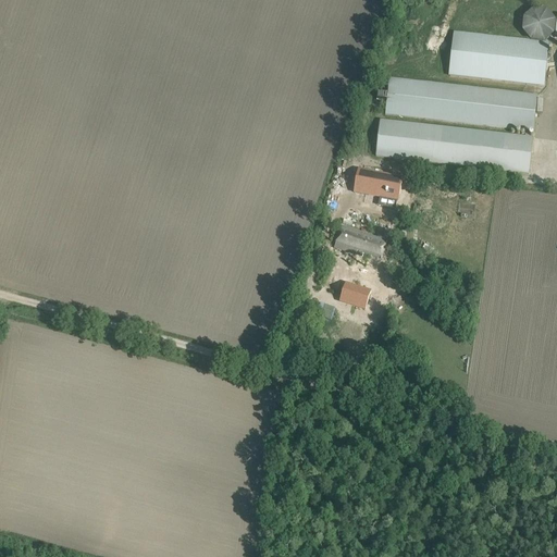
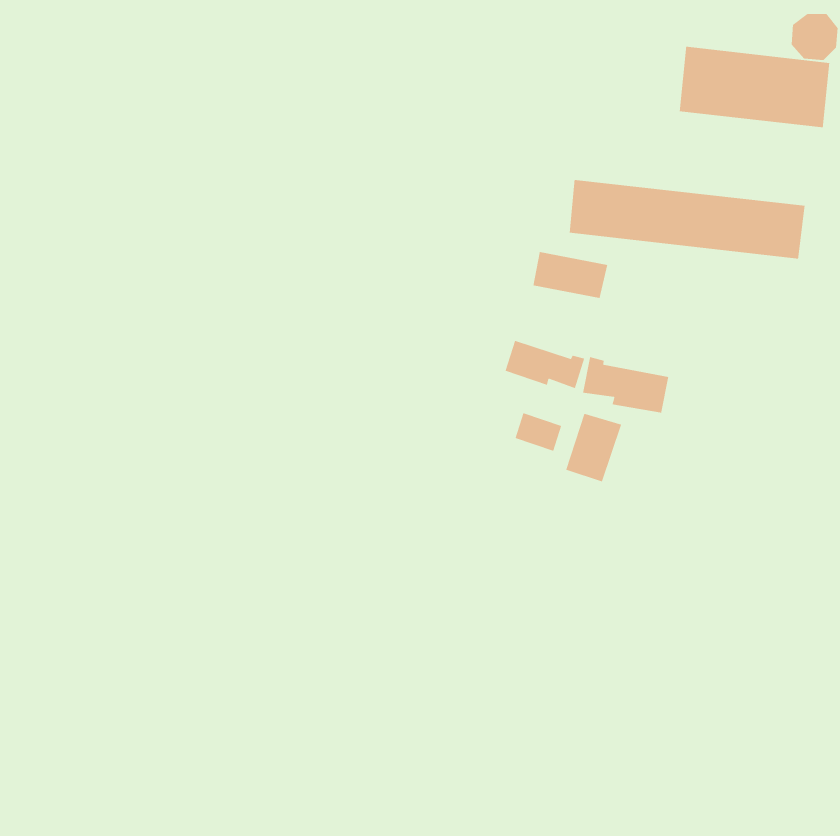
building: [377,76,537,131] -> none
building: none -> [582,356,669,413]
building: none -> [565,413,622,483]

